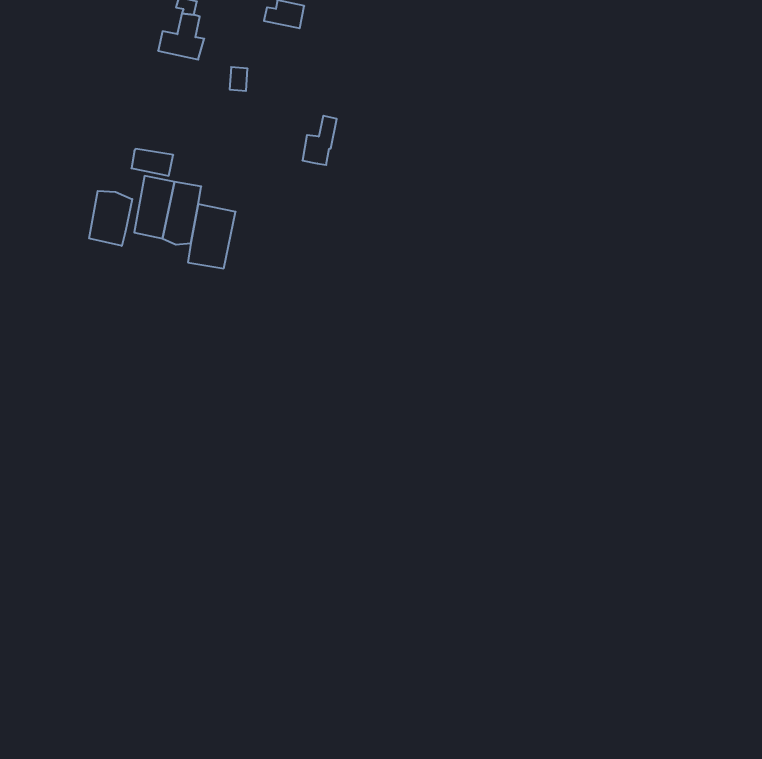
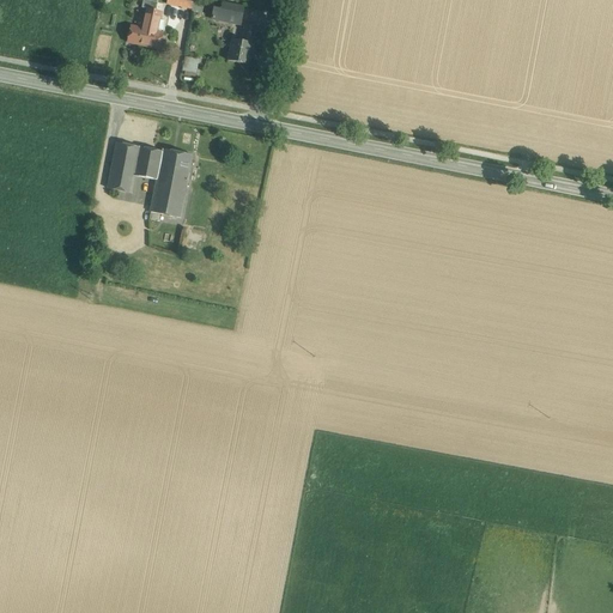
building: [302,116,337,165] -> [229,23,256,62]
building: [131,149,173,176] -> [159,148,193,170]
building: [89,191,132,246] -> none

